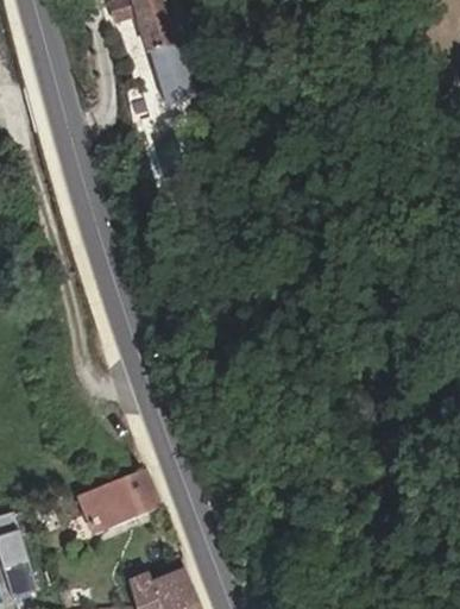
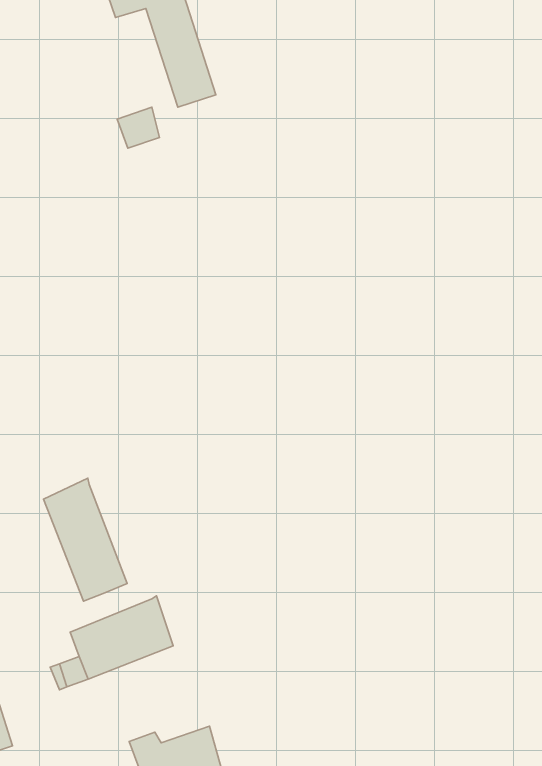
building: none -> [43,478,127,601]

